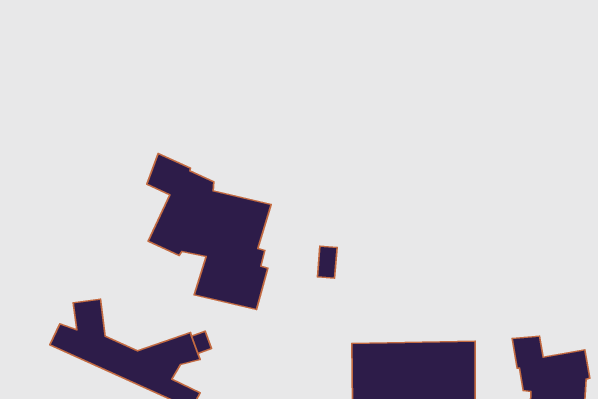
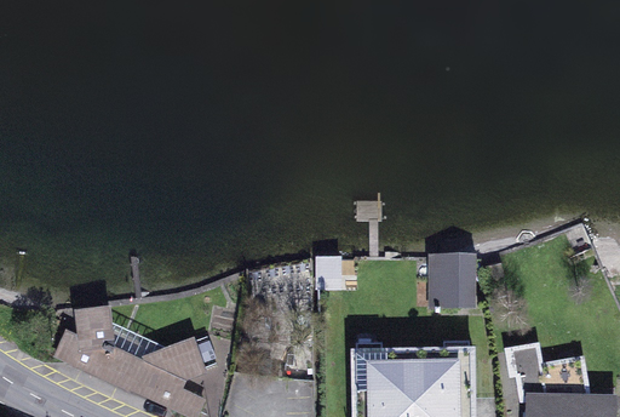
building: [147,153,271,310] -> none
building: none -> [430,255,475,302]

